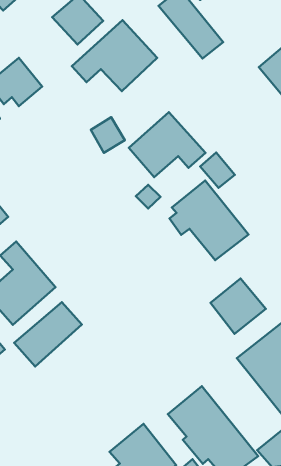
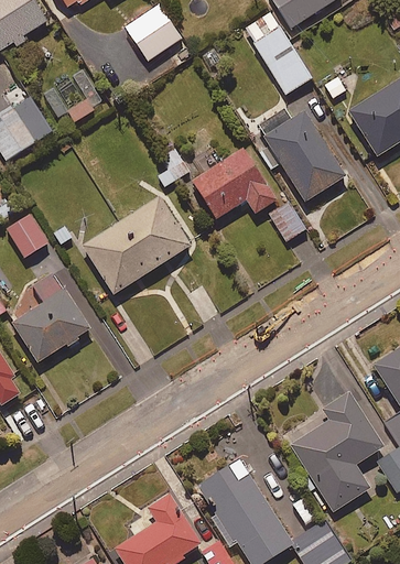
building: [72,20,157,91] -> none
building: none -> [83,197,191,295]
building: [169,181,248,260] -> [260,111,346,202]
building: [210,279,266,334] -> none
building: [14,302,82,367] -> none

